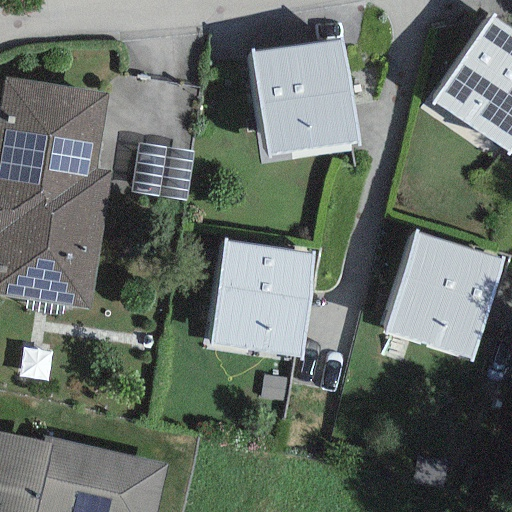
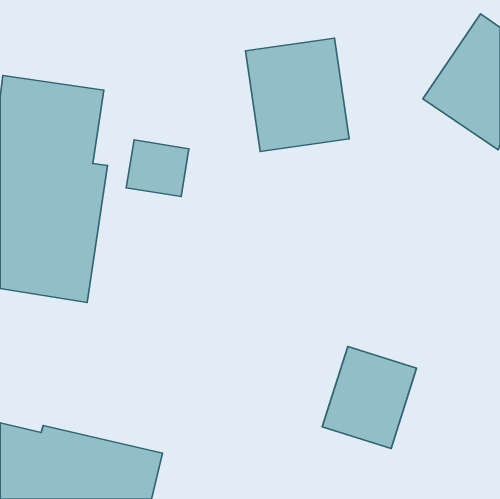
building: [382,231,504,360] -> none
building: [209,240,313,356] -> none
building: none -> [322,346,416,448]

